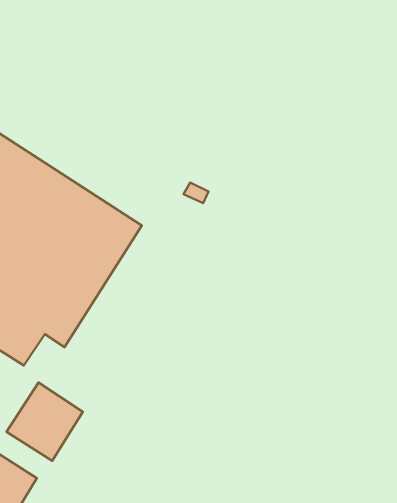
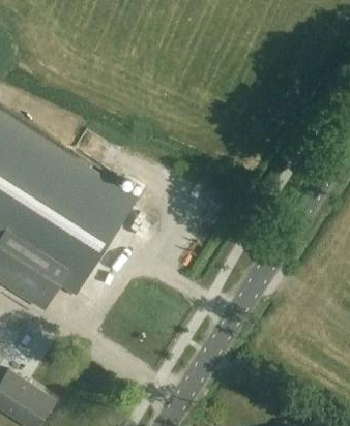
building: [6,383,83,461] -> none

